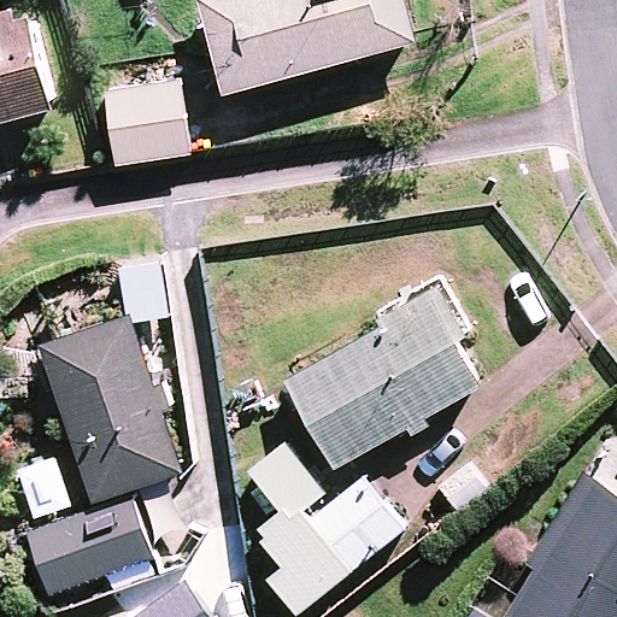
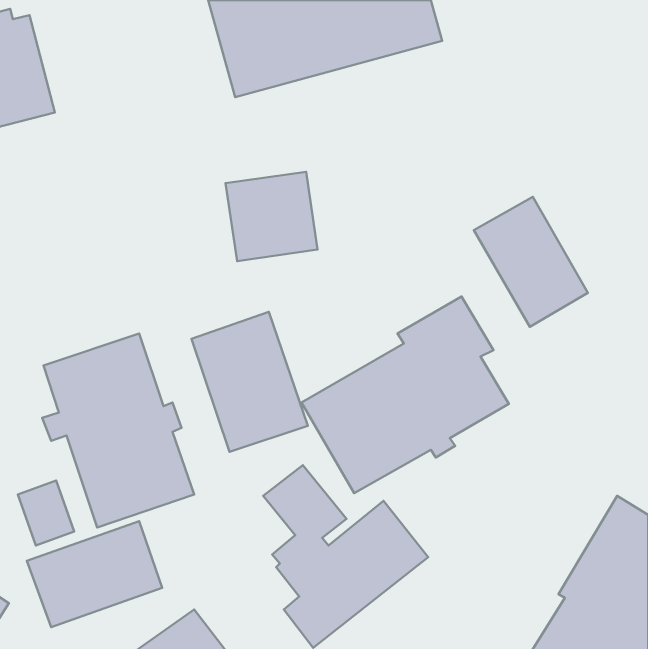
building: [104,82,190,166] -> [226,172,318,261]
building: none -> [474,197,588,327]
building: none -> [191,312,308,452]

